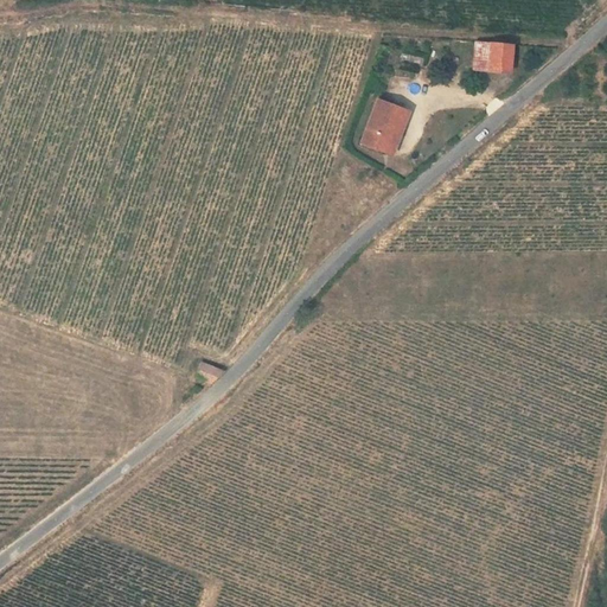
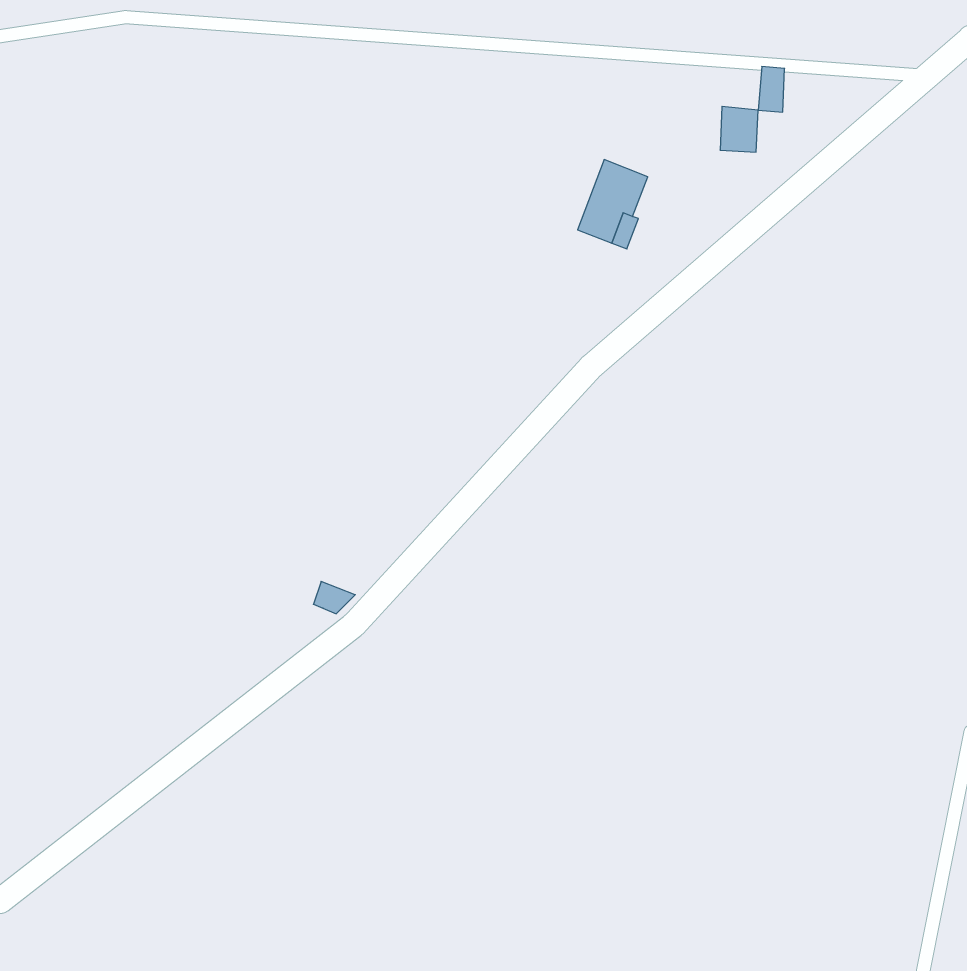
building: [491,43,515,71] -> [720,106,758,152]

